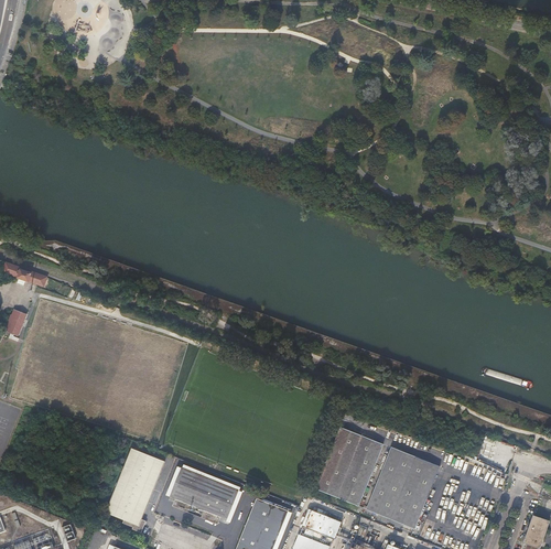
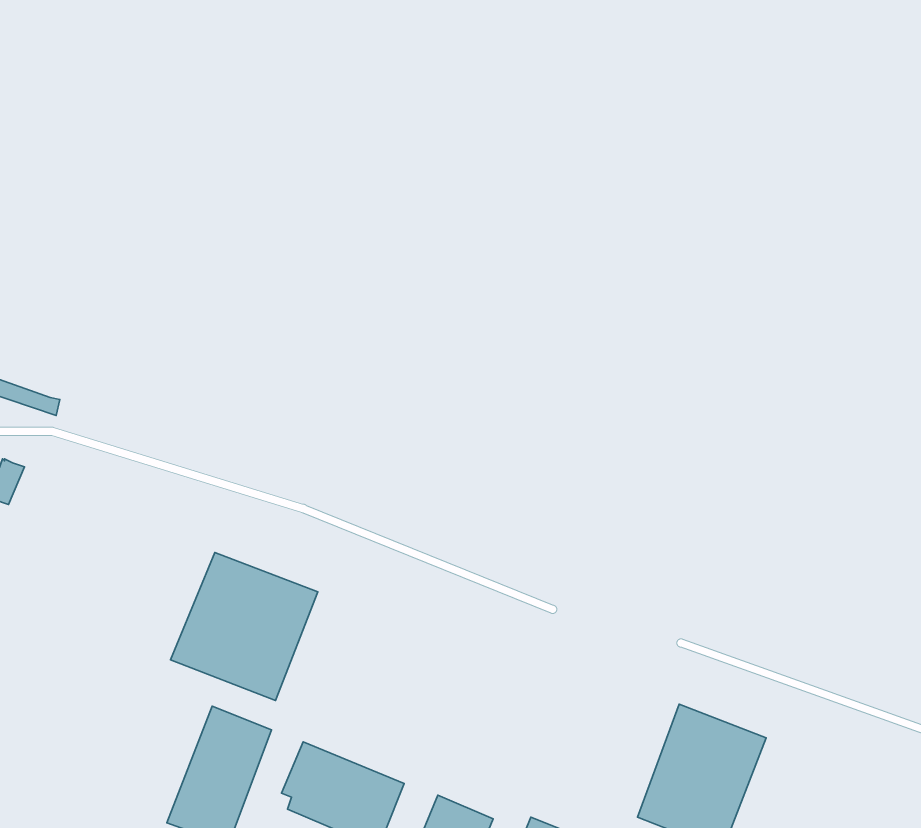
building: none -> [171,553,318,701]
building: [316,427,383,506] -> none

